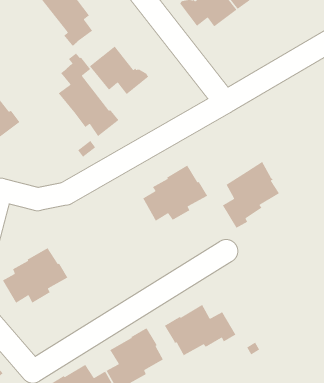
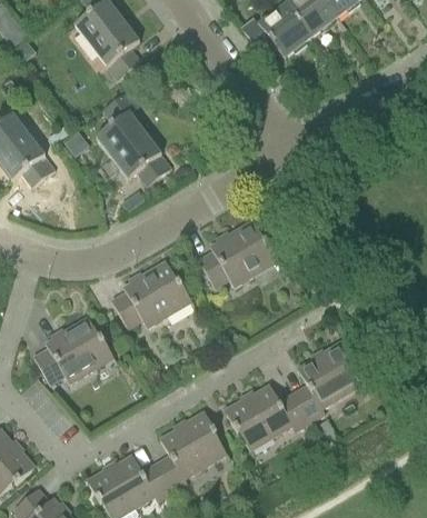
building: [89,46,149,95] -> none
building: [222,161,282,229] -> [292,340,364,420]
building: none -> [110,260,191,328]

